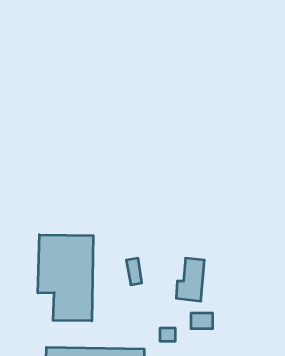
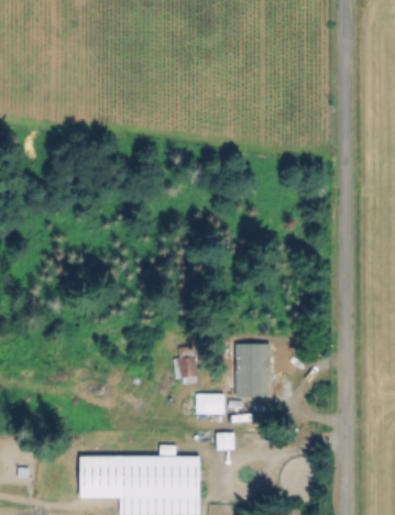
building: [38,235,93,321] -> none
building: [191,313,213,329] -> [196,394,222,413]

